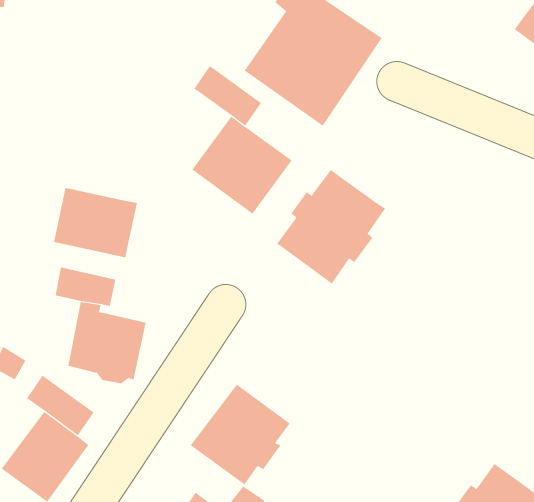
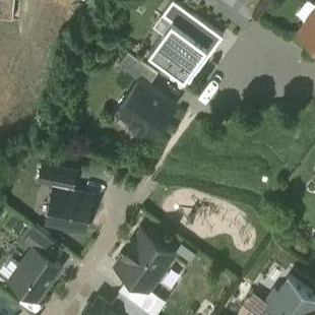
building: [276,169,386,285] -> none
building: [53,187,137,258] -> none

